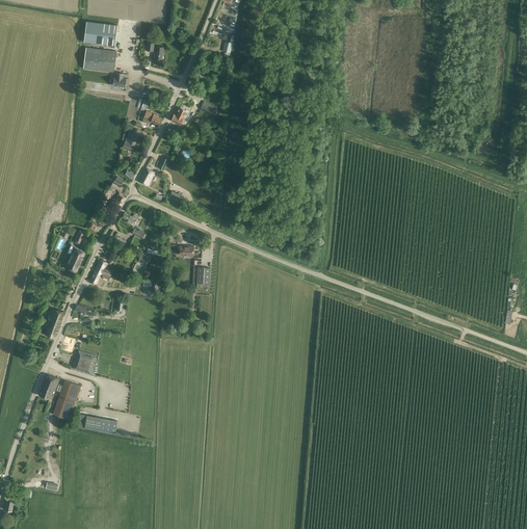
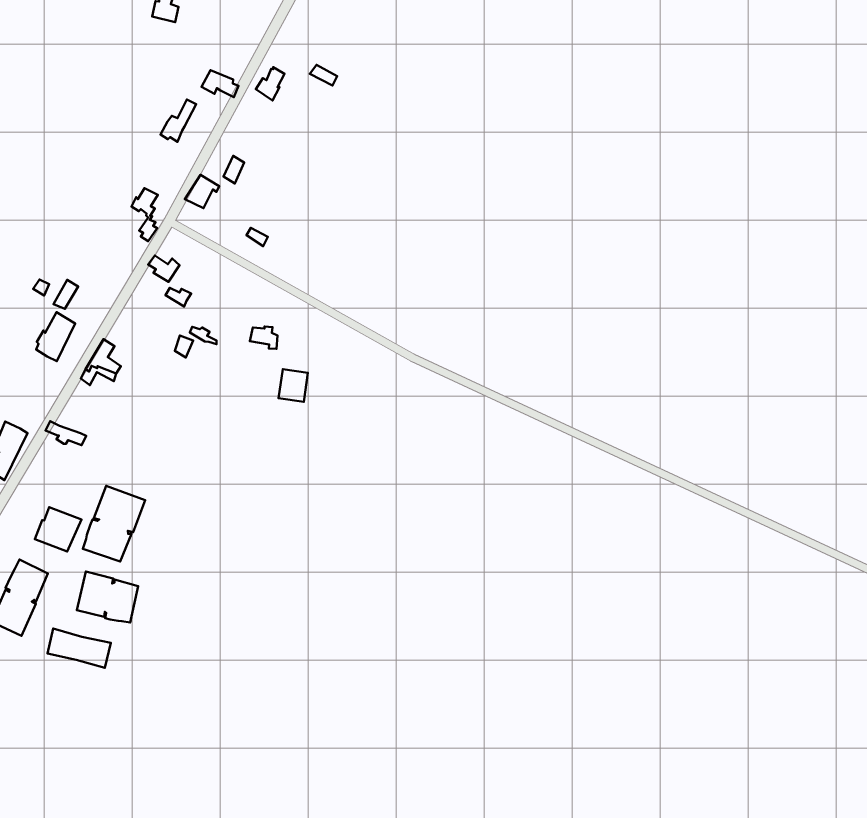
building: none -> [83,486,145,562]
building: none -> [77,572,138,623]

